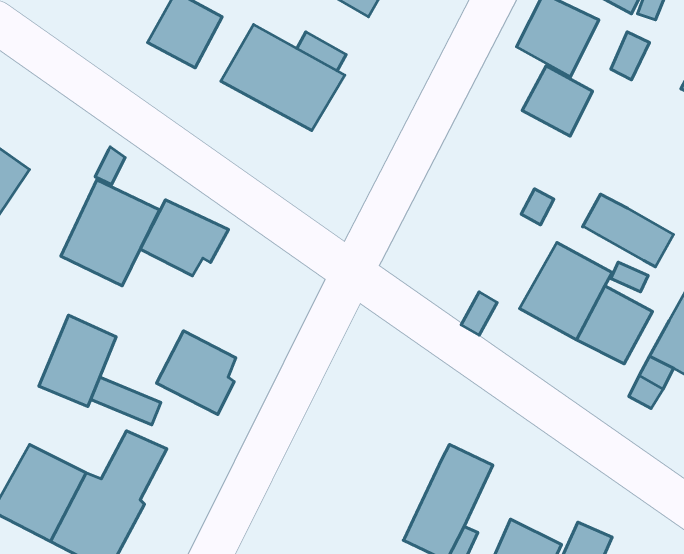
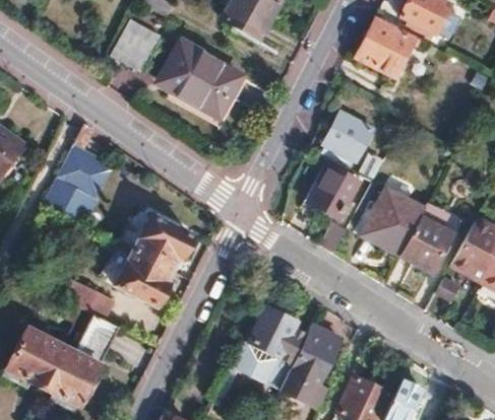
building: [522,66,592,136] -> [324,112,372,159]
building: [583,194,673,267] -> none
building: [140,200,228,276] -> [131,216,191,268]
building: none -> [312,165,356,214]
building: [39,315,116,406] -> none
building: none -> [231,308,307,391]

